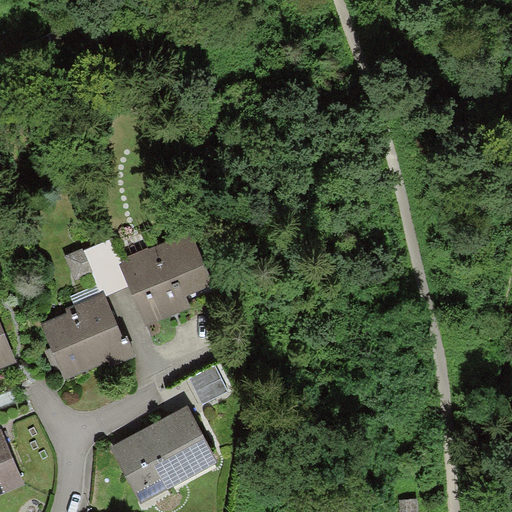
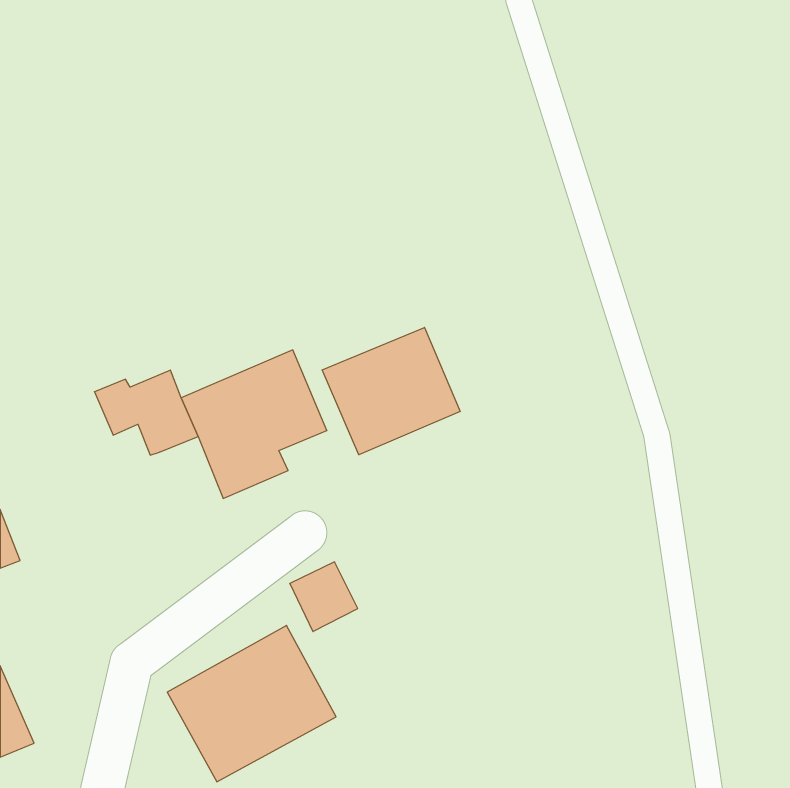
building: none -> [322,327,460,455]
building: [37,294,129,379] -> none

